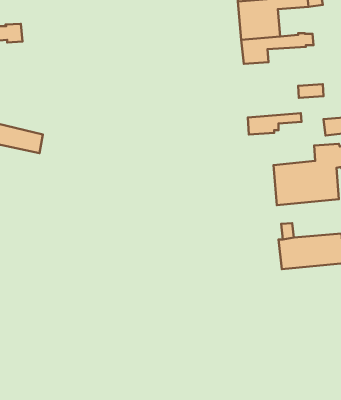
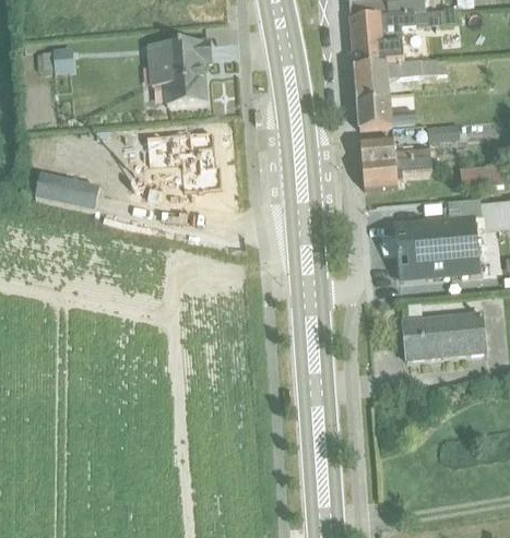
building: none -> [146,40,212,106]
building: none -> [357,95,416,130]
building: none -> [360,140,430,166]

